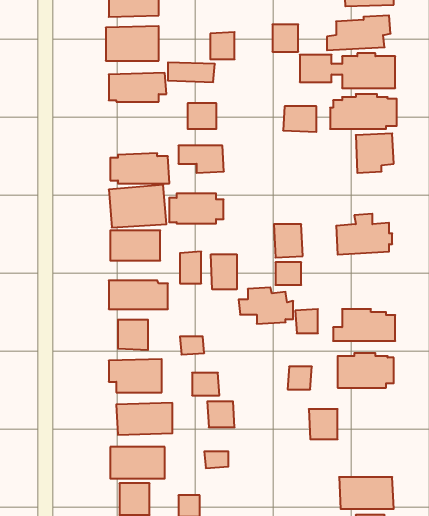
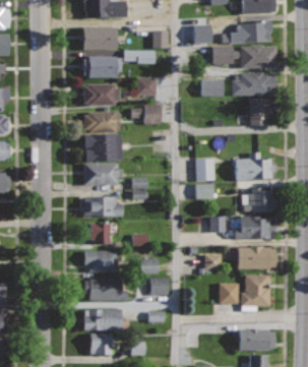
building: [169,193,224,224] -> [84,84,121,105]
building: [211,254,237,289] -> none
building: [239,287,293,324] -> [242,187,279,211]
building: none -> [241,276,270,313]

